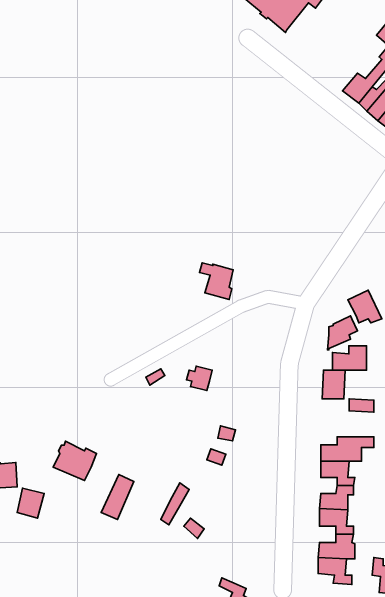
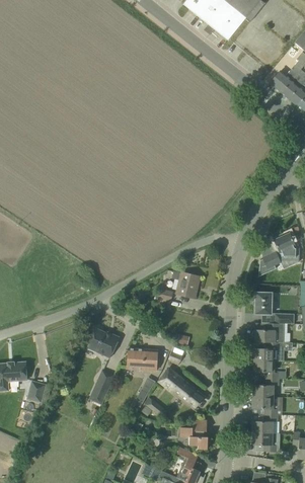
building: [199,263,233,300] -> [171,270,197,298]
building: [332,346,366,370] -> [254,323,280,341]
building: [53,441,97,481] -> [86,327,119,356]
building: none -> [127,347,157,370]
building: none -> [158,368,205,409]
building: none -> [179,419,208,449]

